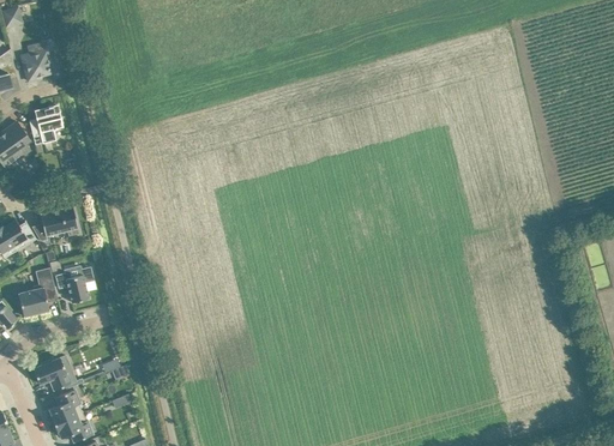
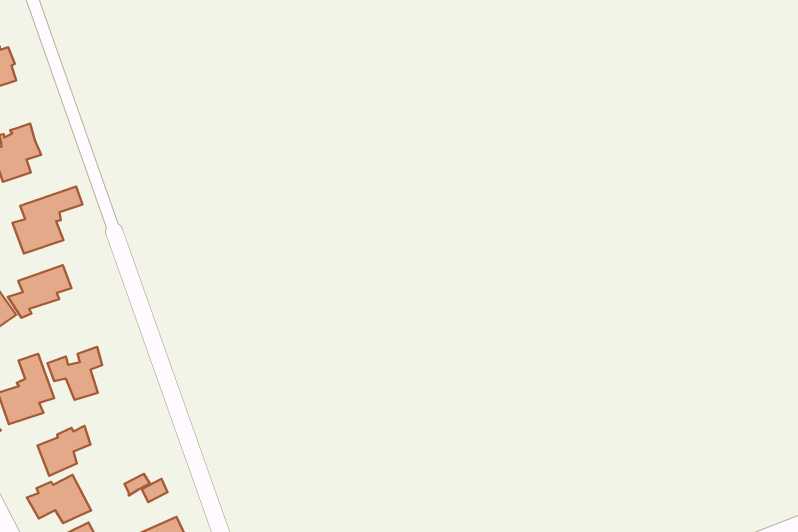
building: none -> [12,187,83,254]
building: none -> [38,426,90,476]

